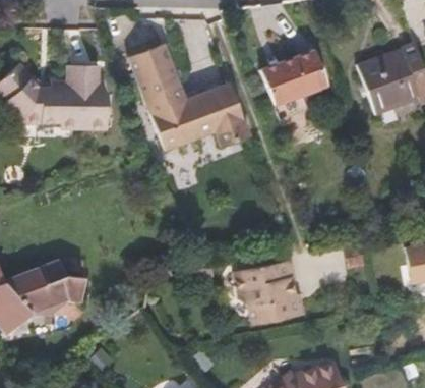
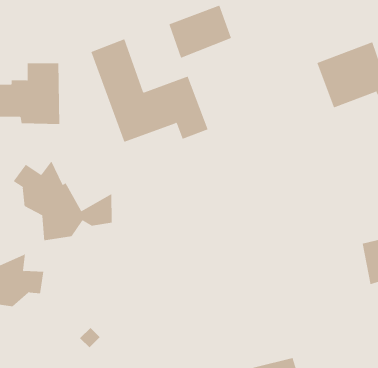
building: [261,51,325,105] -> [168,5,232,58]
building: none -> [13,160,112,241]
building: [233,259,301,324] -> none

